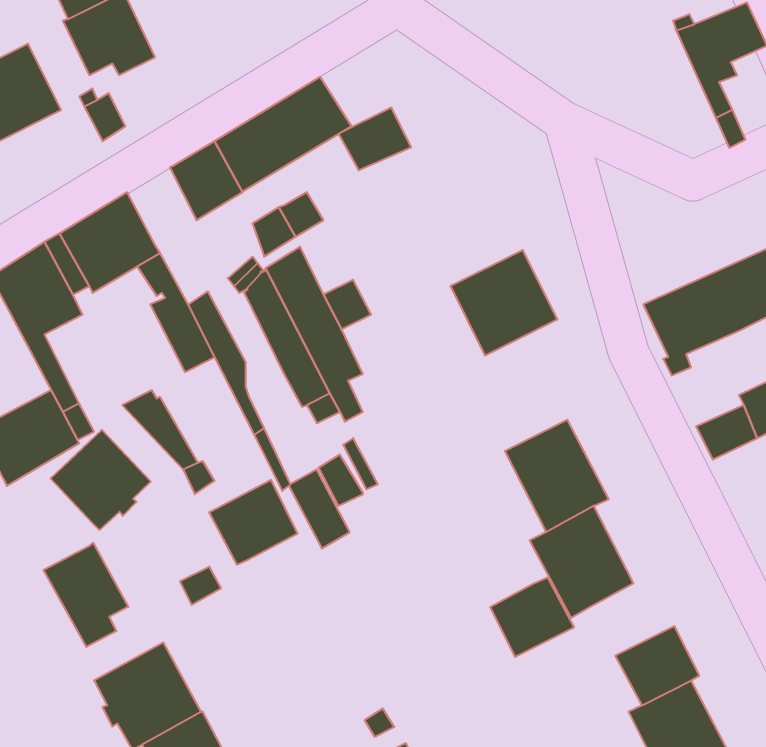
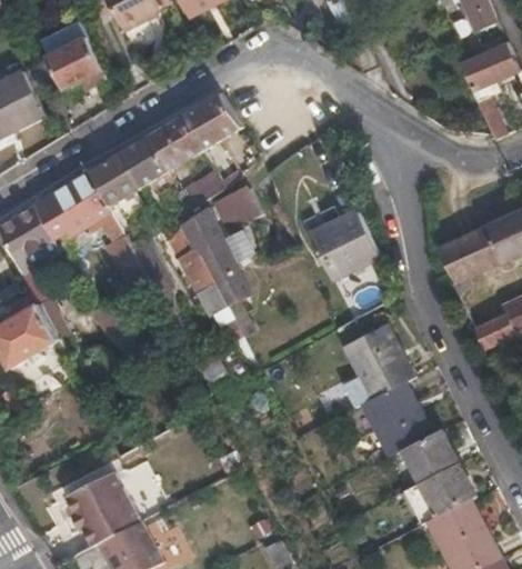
building: [339,108,411,170] -> [210,186,259,228]
building: none -> [89,153,135,206]
building: [51,430,151,530] -> none
building: [209,480,297,565] -> none
building: [44,543,128,647] -> none
building: [490,578,574,657] -> [401,429,458,482]

